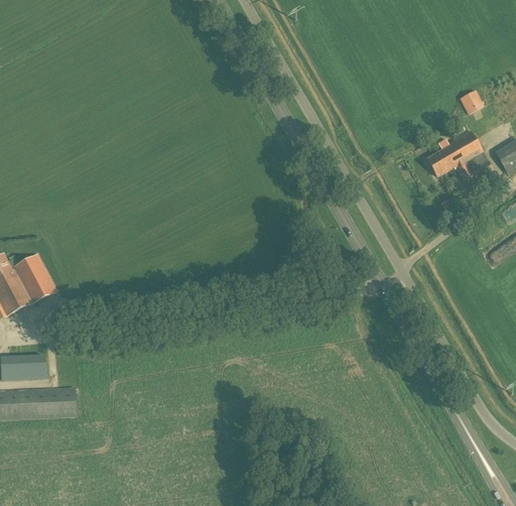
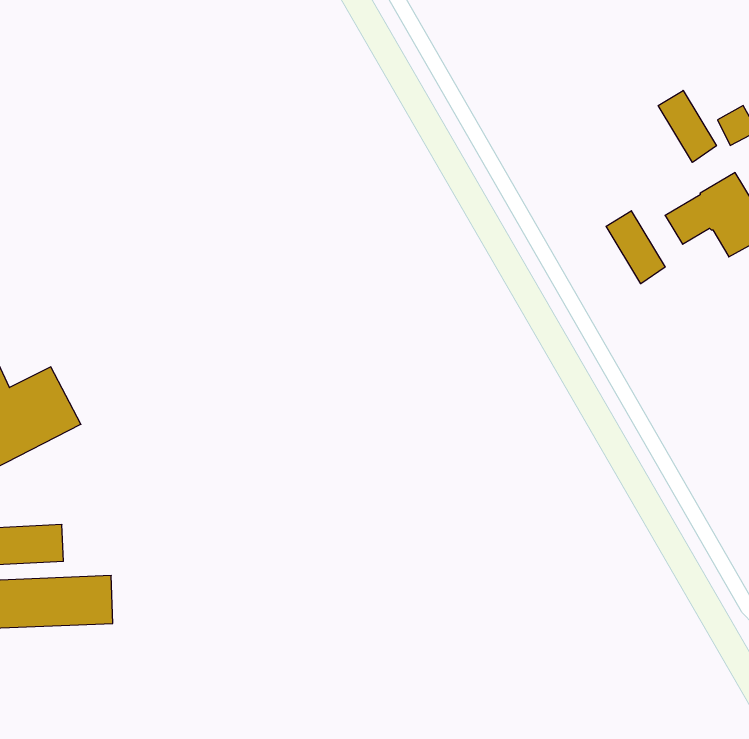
building: none -> [658,90,716,162]
building: none -> [606,211,665,284]

